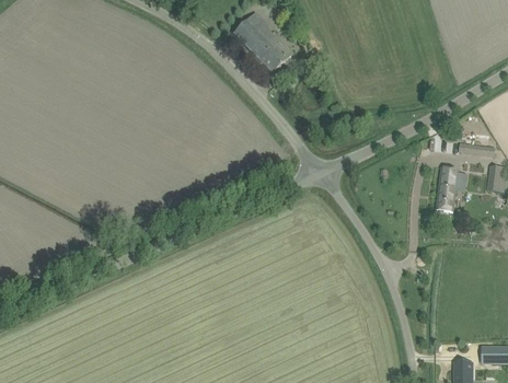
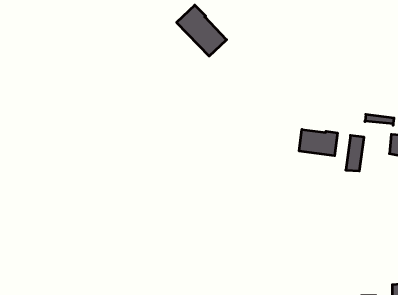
building: none -> [299,129,337,156]

